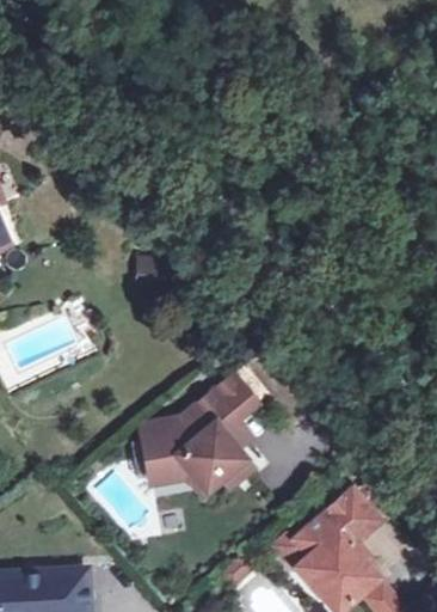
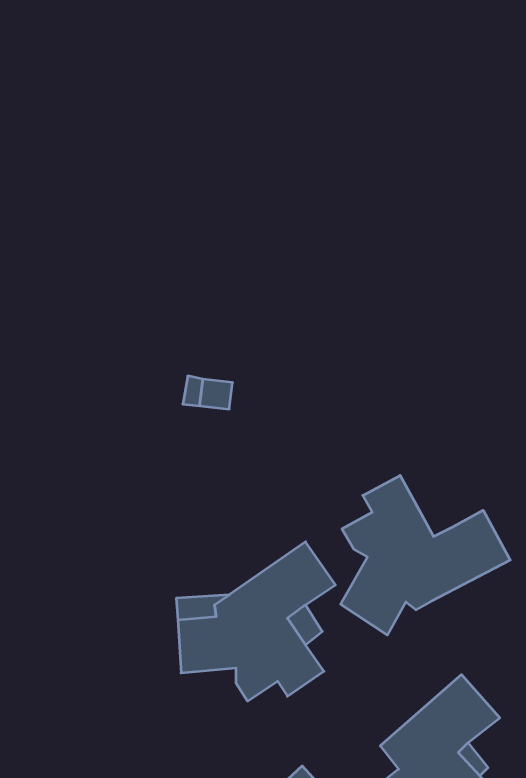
building: none -> [341,475,510,635]

